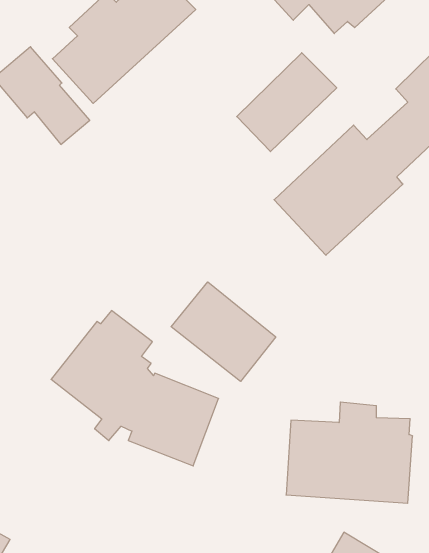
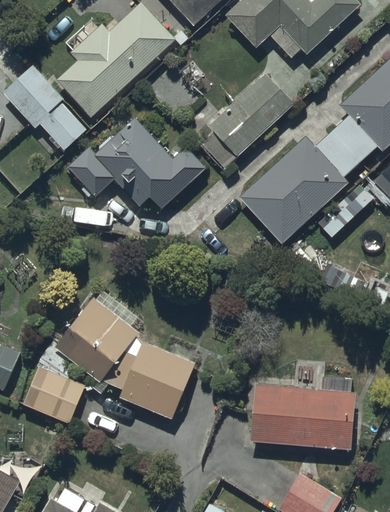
building: none -> [69,119,206,208]
building: [171,282,276,381] -> none
building: none -> [23,366,85,424]

